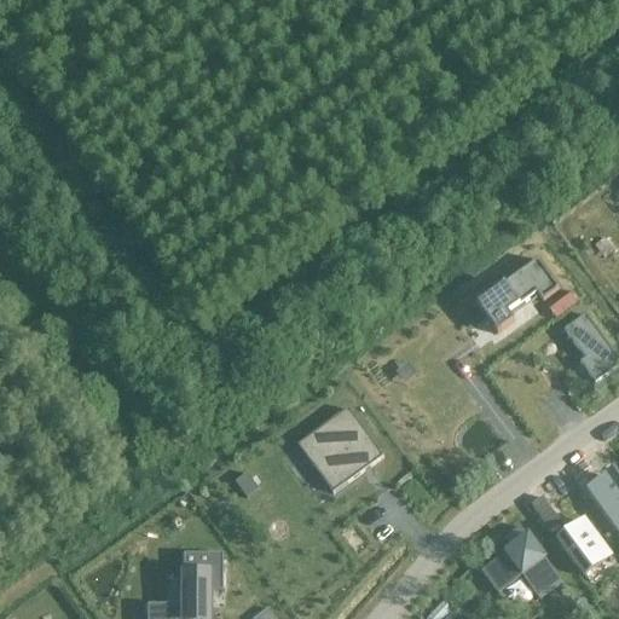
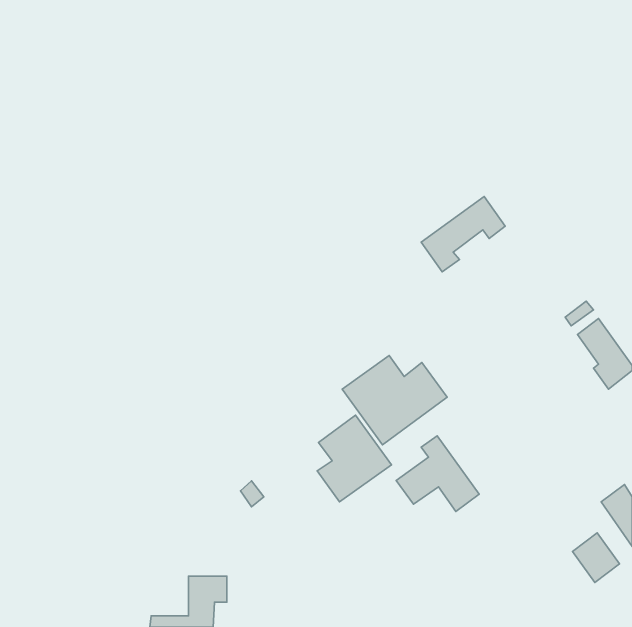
building: [475,256,557,330] -> [421,196,505,272]
building: none -> [342,355,447,445]
building: [480,523,561,597] -> [396,436,479,512]

